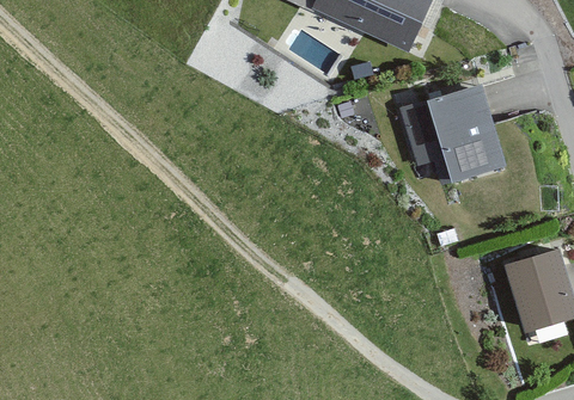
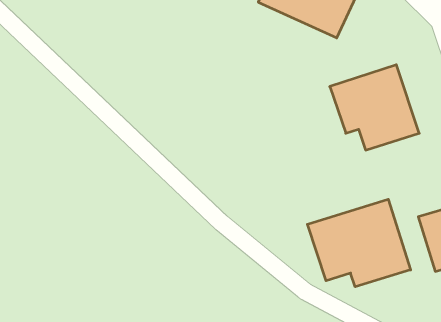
building: none -> [307,199,411,287]

